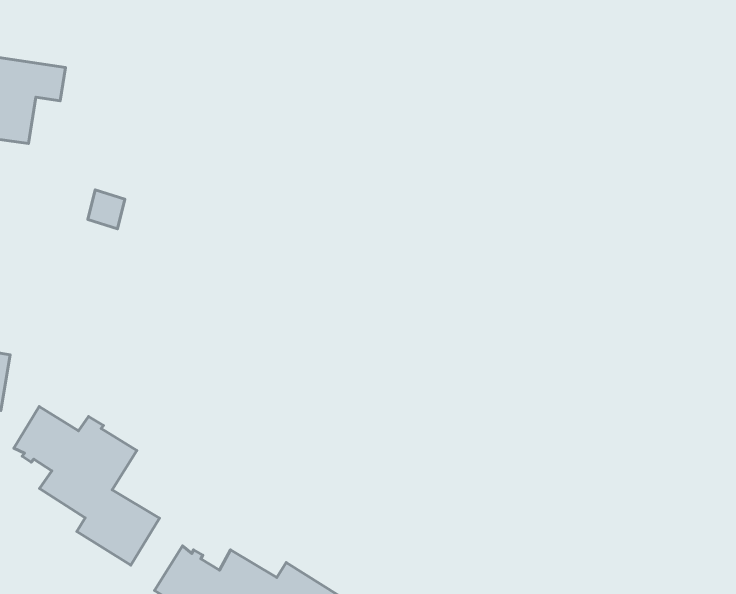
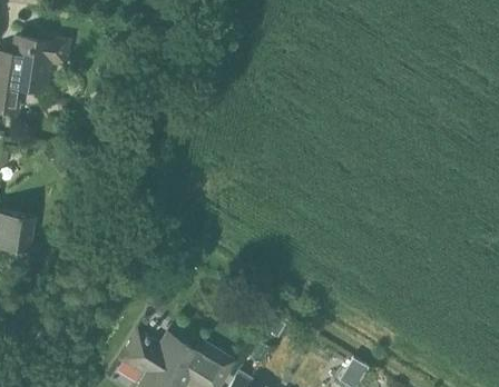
building: [14,407,160,565] -> none

